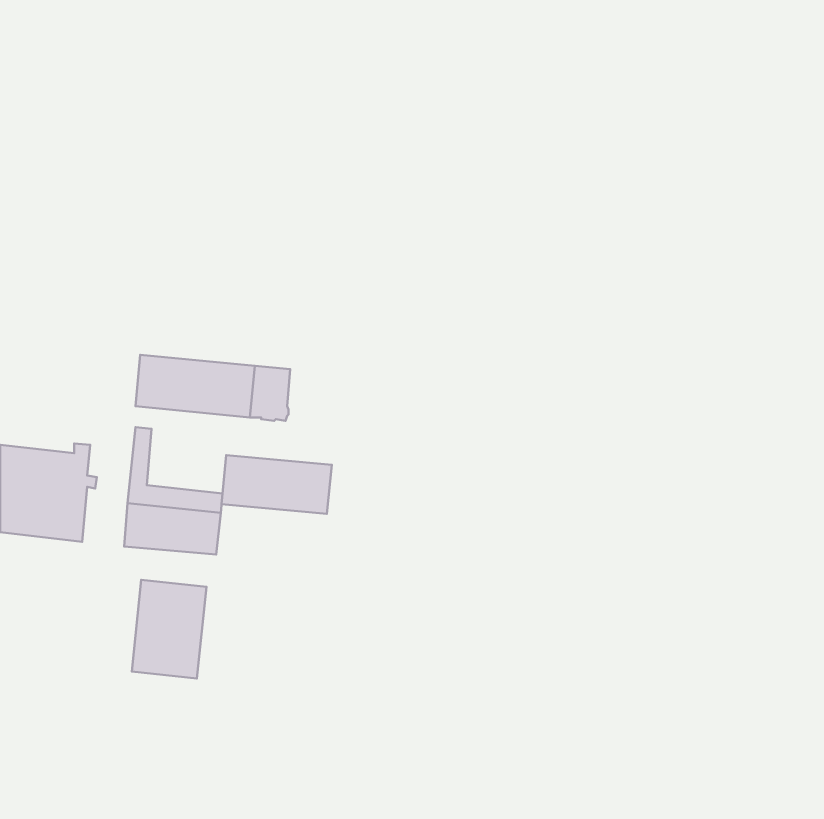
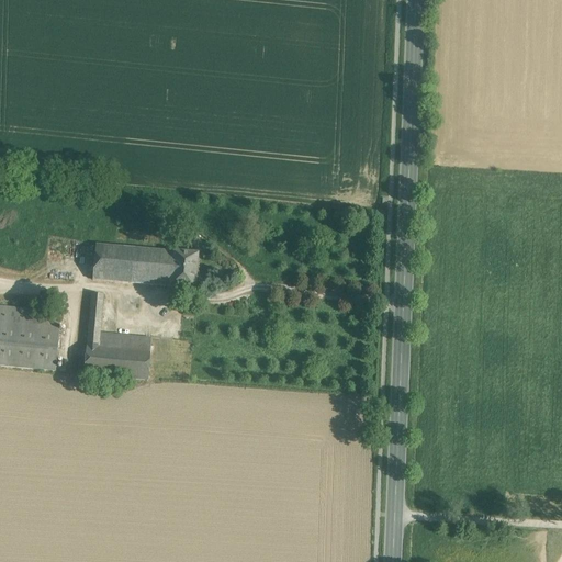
building: [222,455,332,514] -> none
building: [132,580,206,678] -> none

